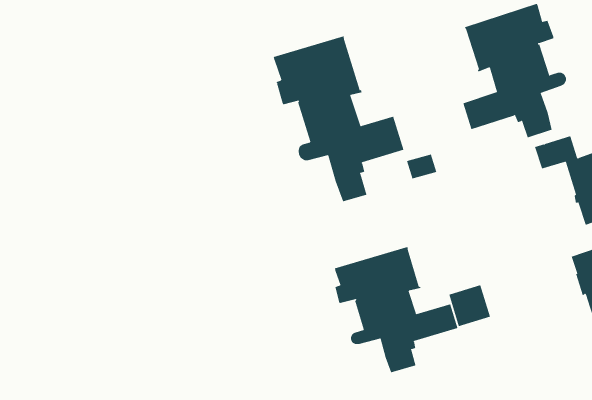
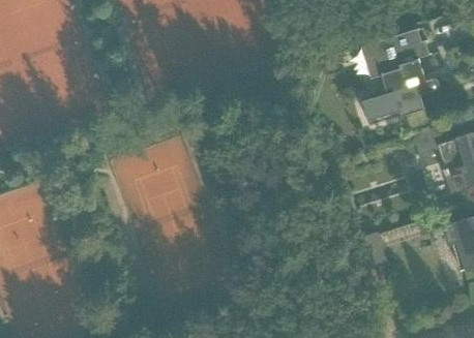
building: [273,35,404,202] -> none
building: [334,246,458,373] -> none

